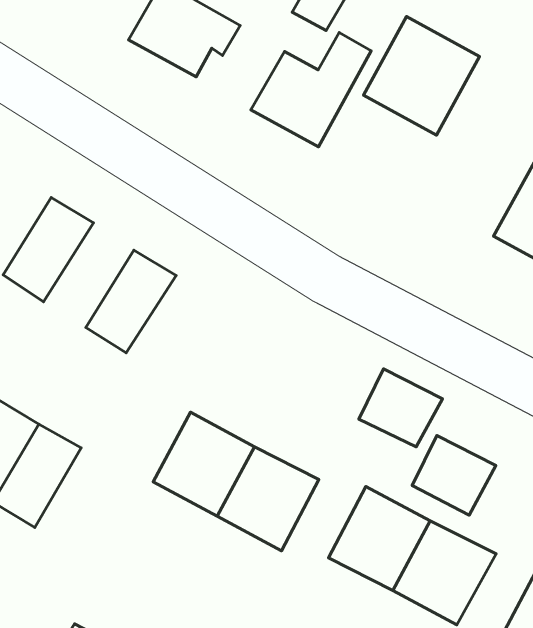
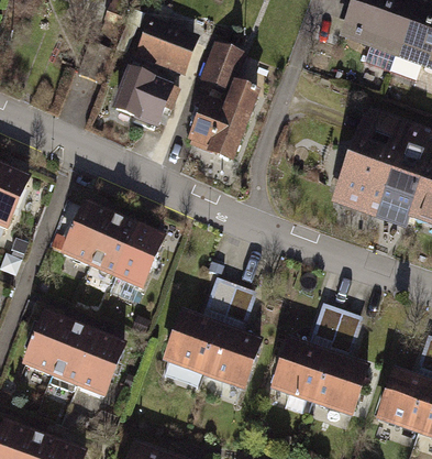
building: [363,16,480,135] -> none
building: none -> [89,214,136,274]
building: [359,369,443,447] -> [209,278,255,320]

